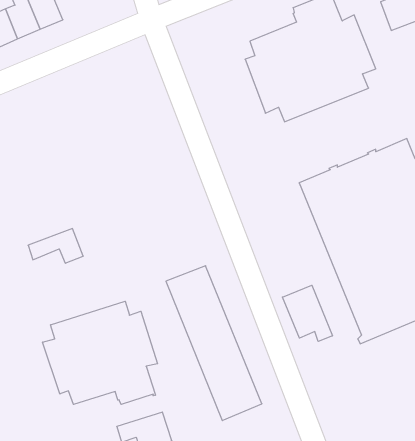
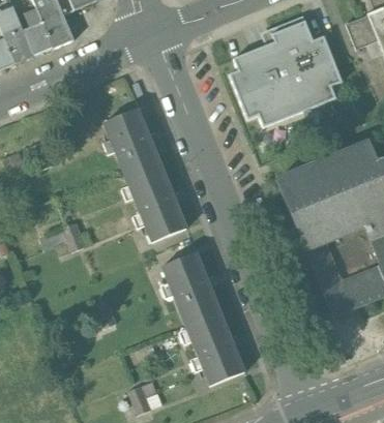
building: none -> [104,108,186,241]
building: [282,285,332,341] -> none
building: [43,301,158,404] -> none

